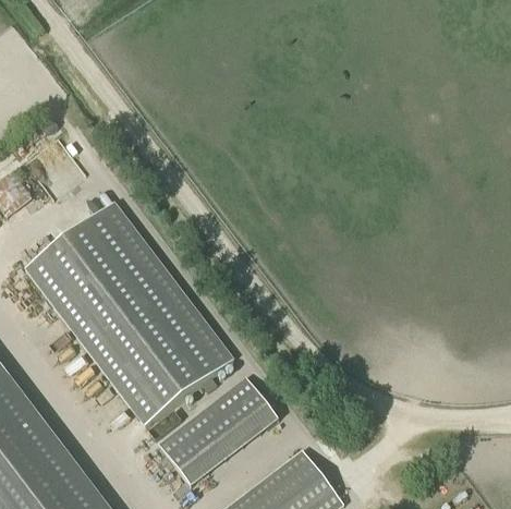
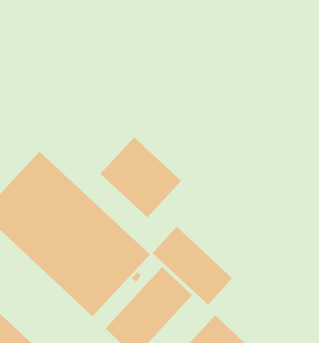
building: none -> [100,136,182,218]
building: none -> [152,226,233,305]

